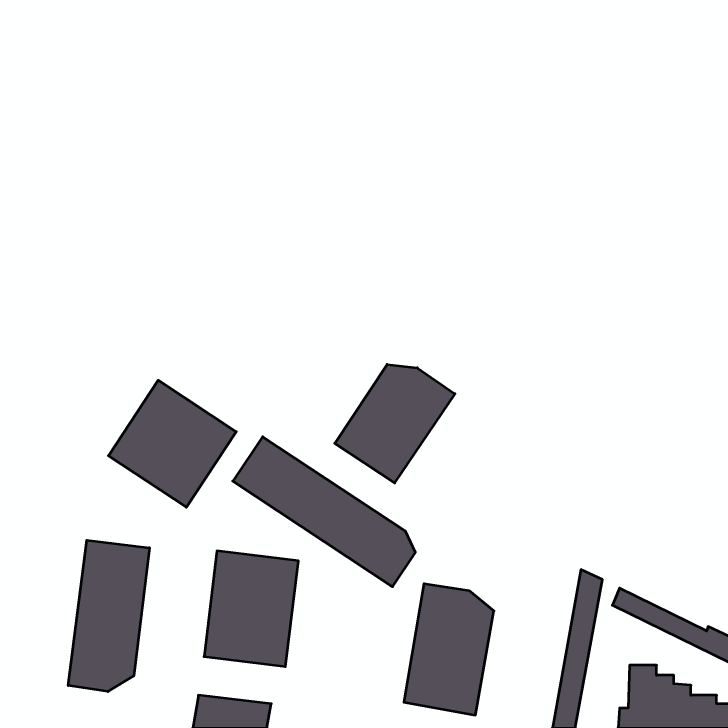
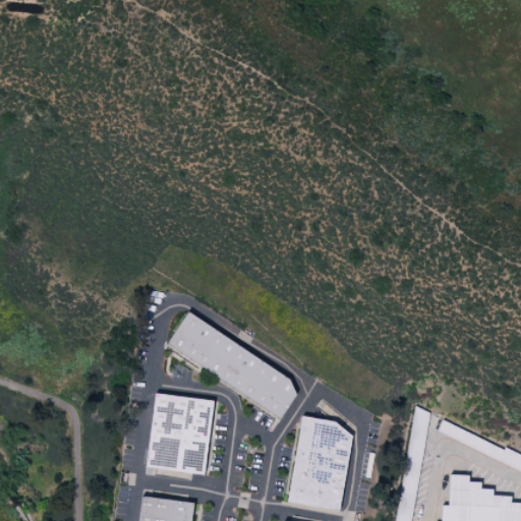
building: [335,364,455,483] -> none
building: [108,380,236,507] -> none
building: [68,540,149,692] -> none

